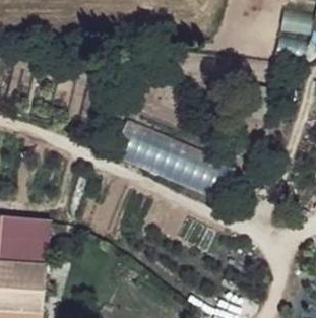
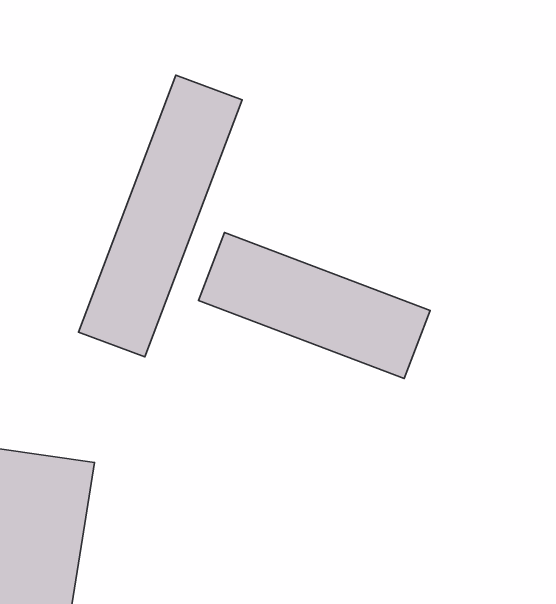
building: none -> [79,75,242,357]

